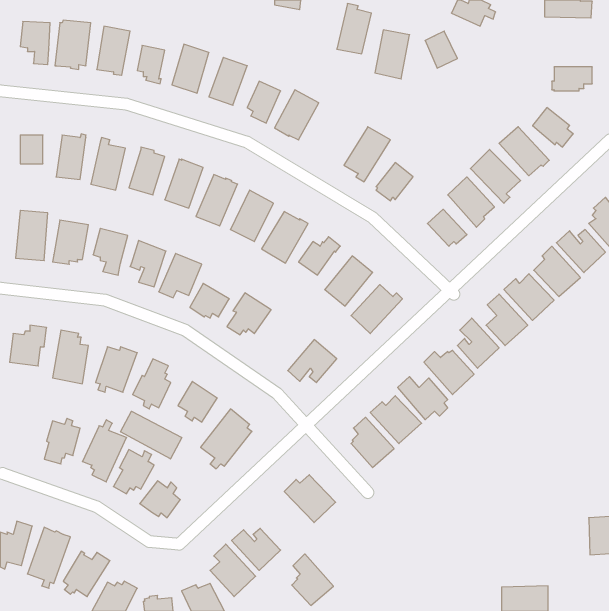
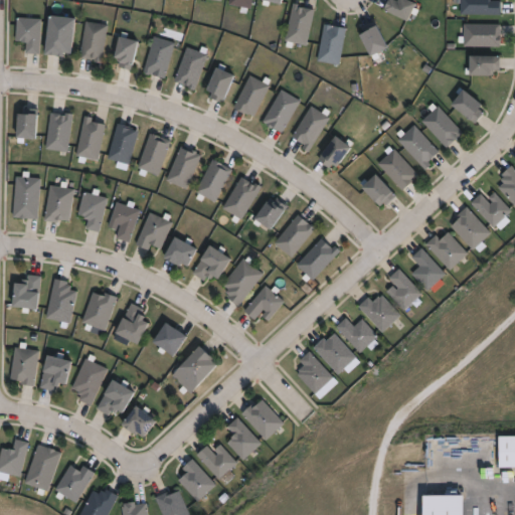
building: none -> [459,24,501,47]
building: none -> [263,90,300,134]
building: none -> [222,259,264,307]
building: none -> [9,341,39,386]
building: [121,411,182,459] -> none
building: [292,554,333,605] -> [226,416,262,460]

